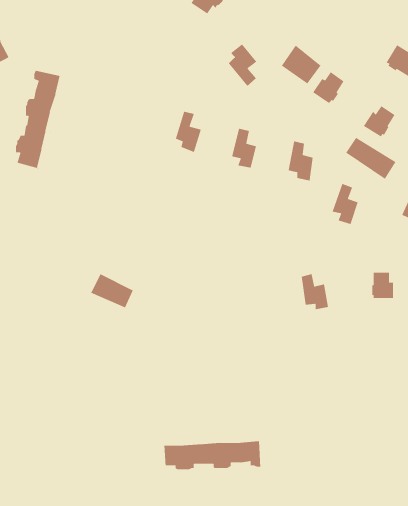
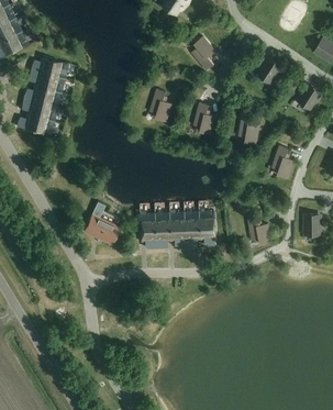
building: [281,45,322,85] -> none
building: [345,137,396,180] -> none
building: [164,435,261,470] -> [140,212,215,240]

